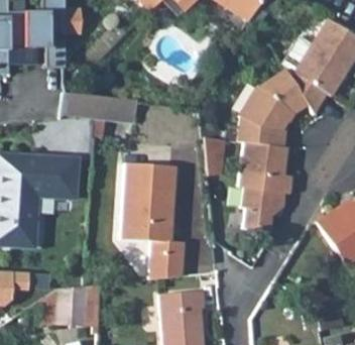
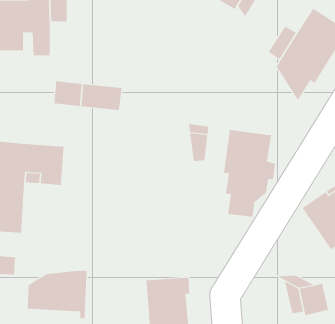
building: [239,71,308,147] -> none
building: [121,163,185,279] -> none

